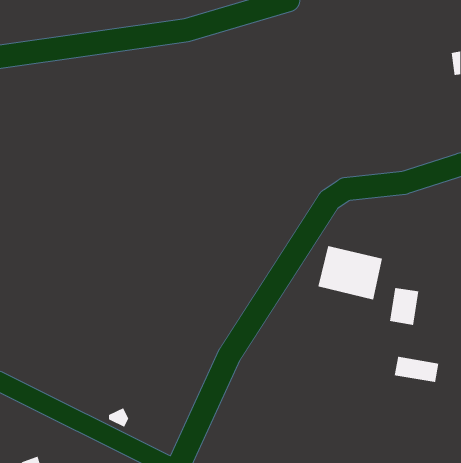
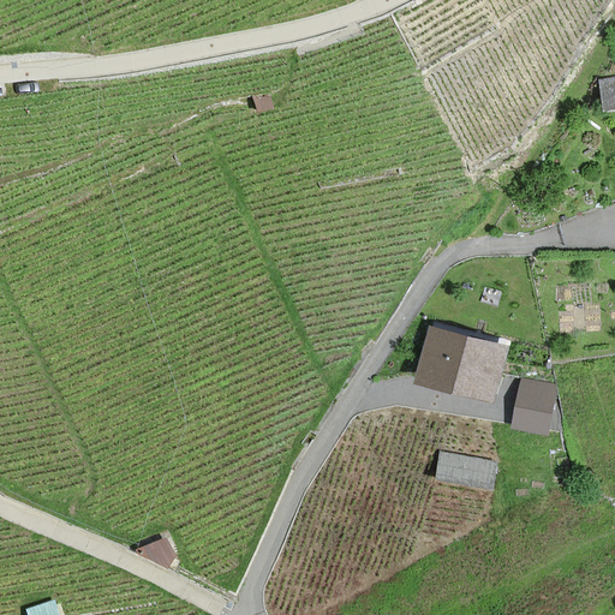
building: [394,356,439,383] -> [434,454,494,489]

